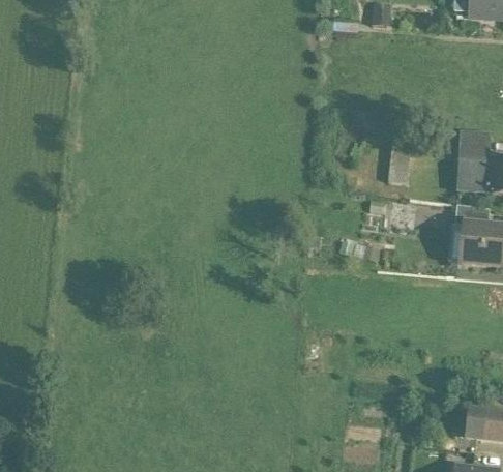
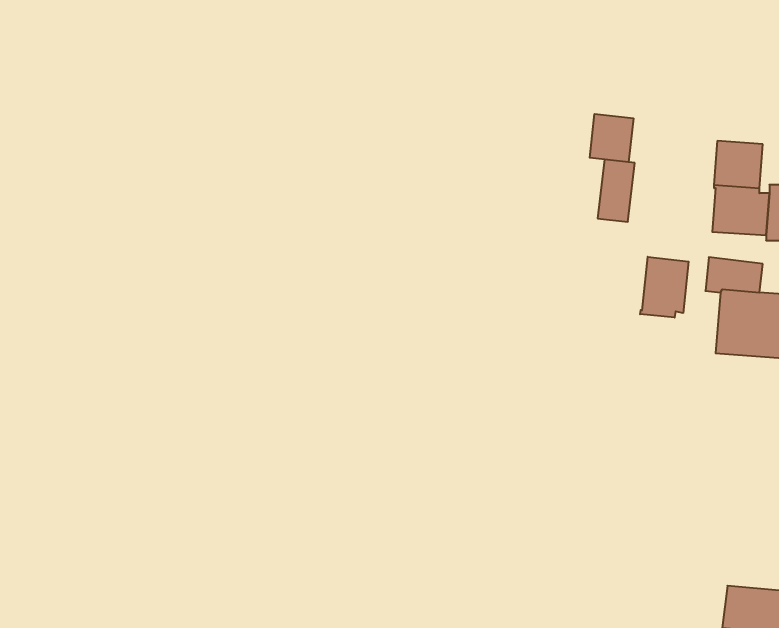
building: none -> [590,114,633,162]
building: none -> [640,257,689,318]

